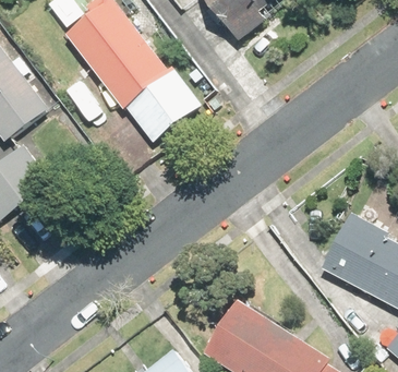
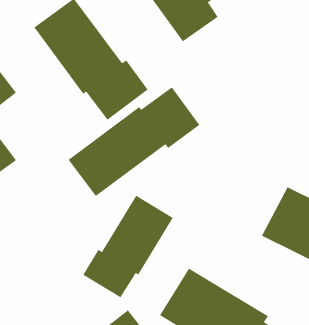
building: none -> [68,87,200,197]
building: none -> [82,195,173,298]

